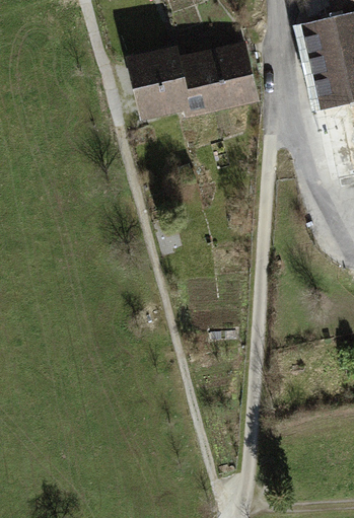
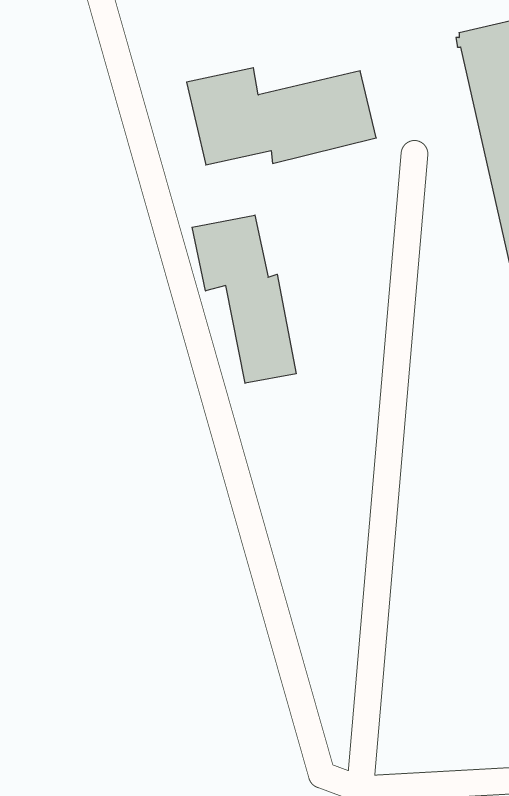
building: none -> [192,215,296,383]

